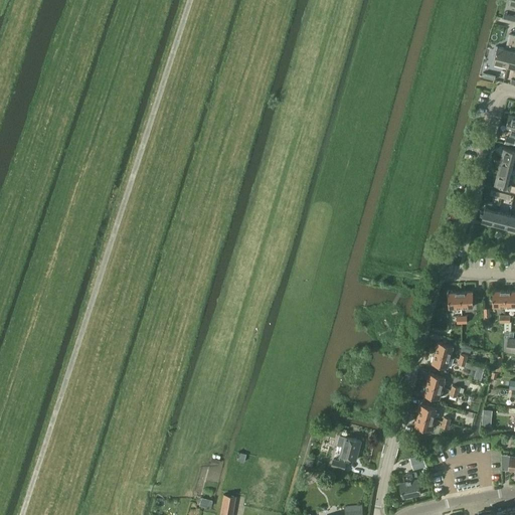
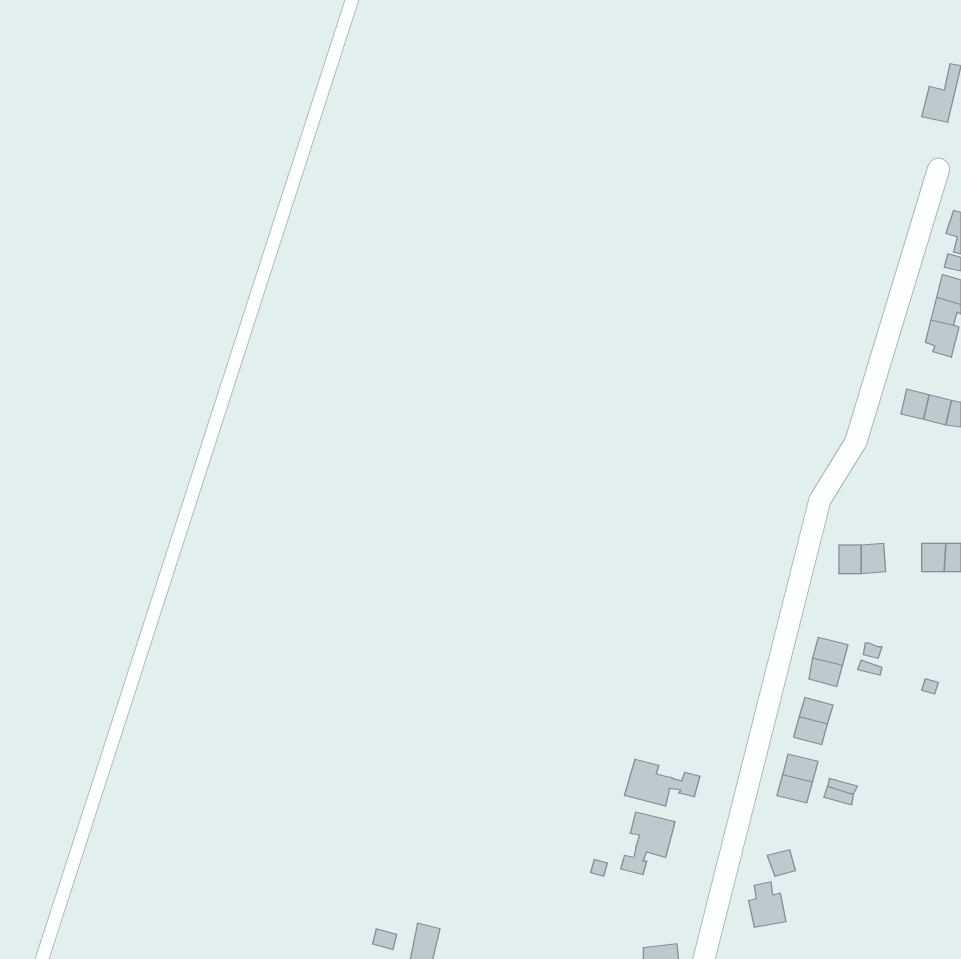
building: none -> [624,759,700,806]

